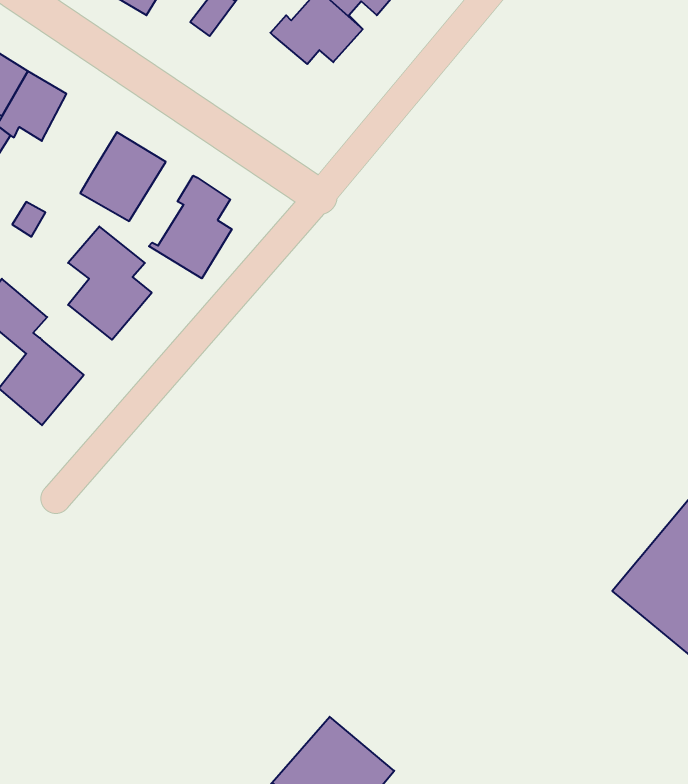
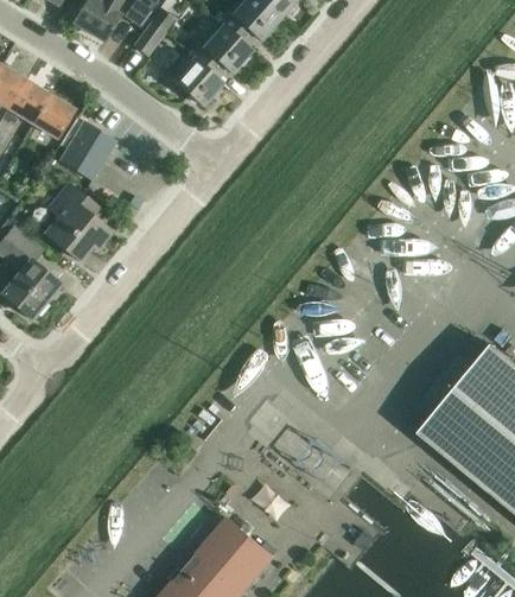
building: none -> [165,52,222,106]
building: none -> [32,94,74,140]
building: [149,176,232,278] -> none

